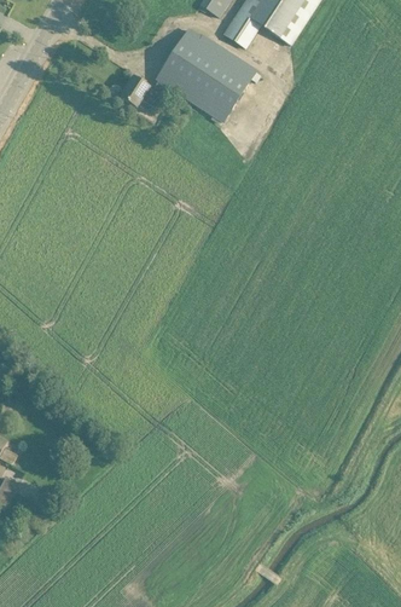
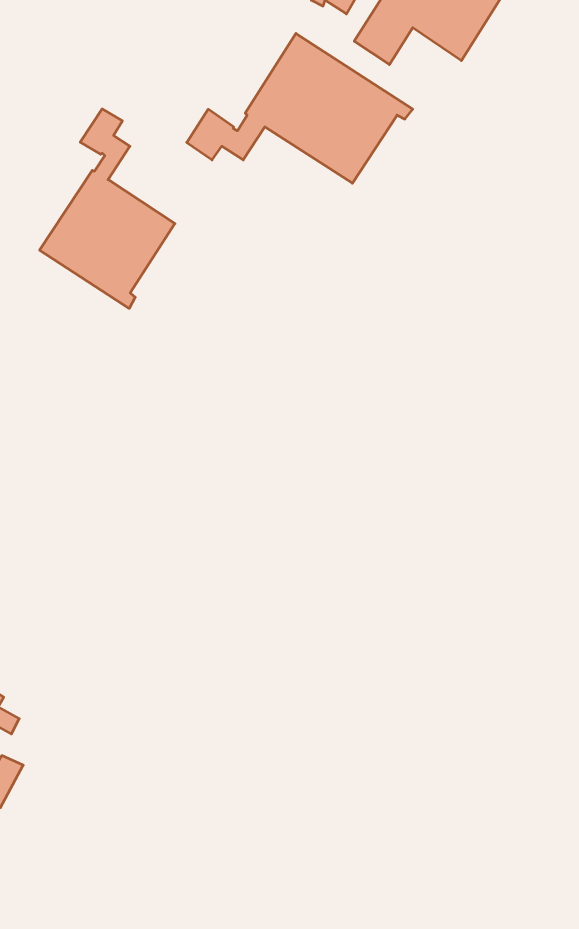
building: none -> [40,109,175,308]

